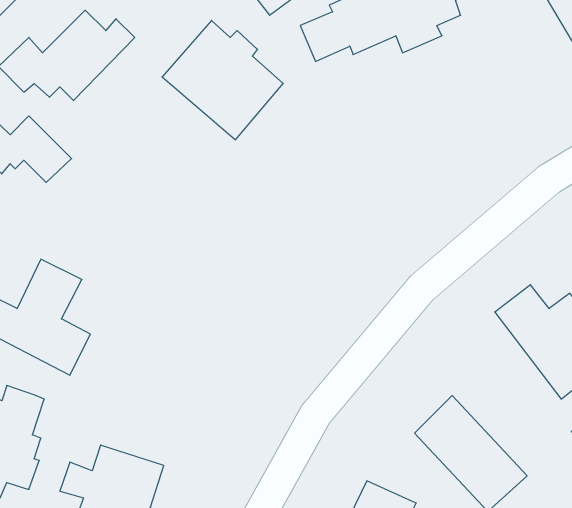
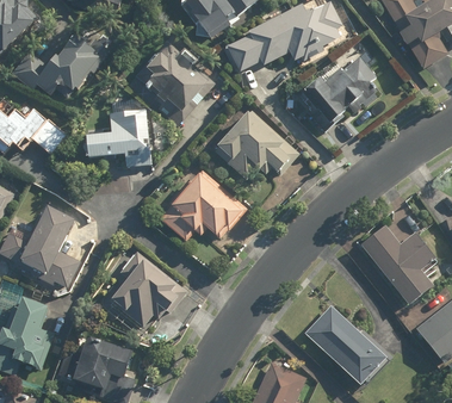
building: none -> [298,55,379,131]
building: none -> [82,107,147,165]
building: none -> [211,107,299,180]
building: none -> [157,173,241,241]
building: none -> [110,247,184,326]

